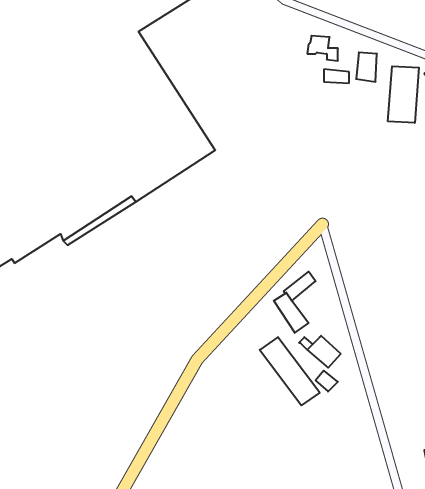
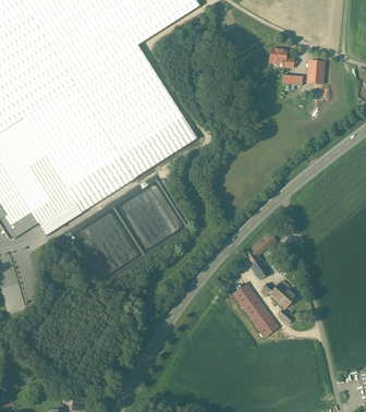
building: [388,66,419,123] -> none

